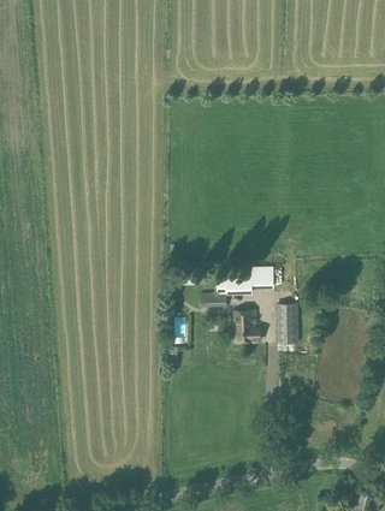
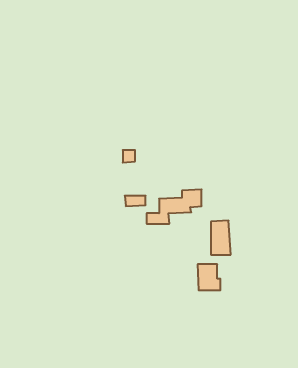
building: [233,311,260,341] -> [198,264,220,290]

